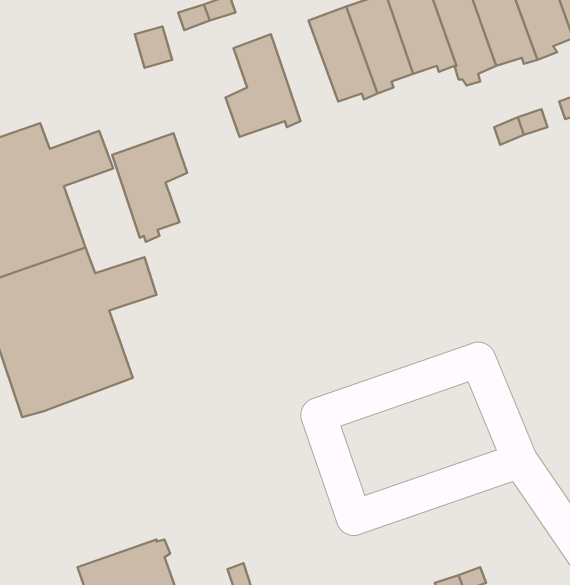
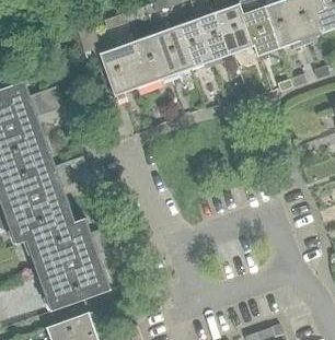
building: none -> [153,24,190,80]
building: [112,133,187,242] -> [99,39,140,99]
building: none -> [27,219,125,310]

